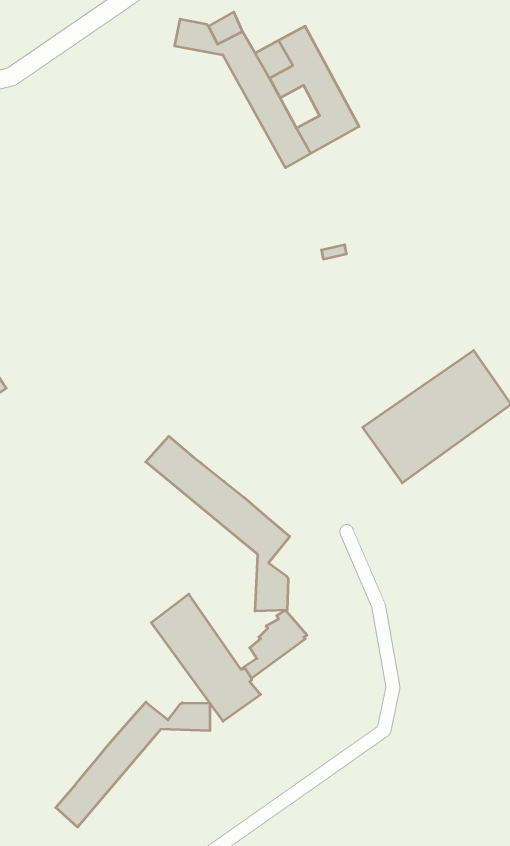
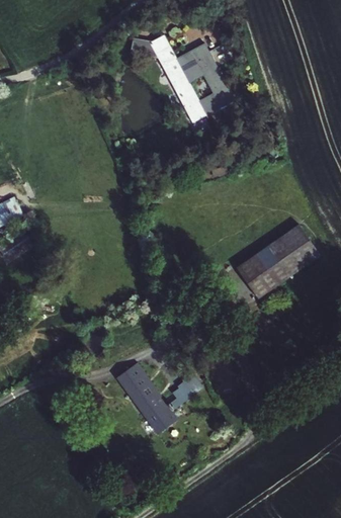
building: [146,436,290,611] -> none
building: [56,702,210,827] -> none

